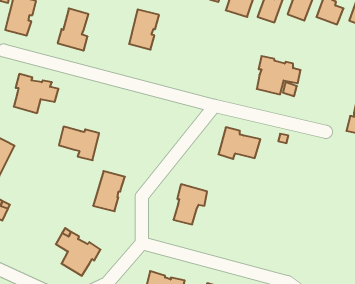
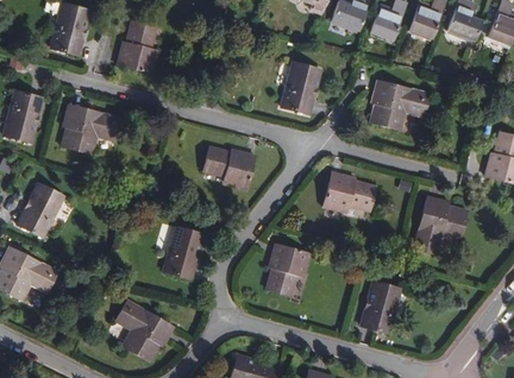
building: [129,9,159,50] -> [282,63,320,114]
building: [59,127,99,160] -> [203,146,255,189]
building: none -> [416,196,466,254]
building: none -> [361,282,400,333]

